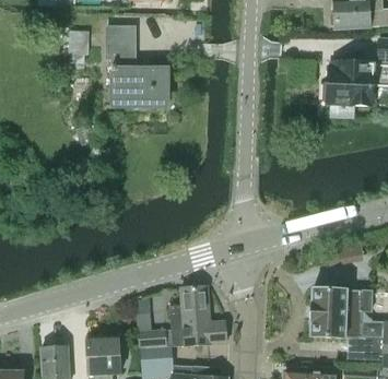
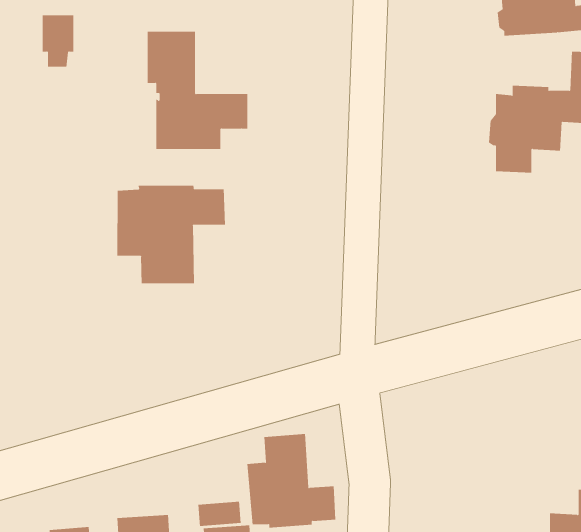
building: [68,31,89,64] -> [42,15,74,67]
building: none -> [117,185,226,284]
building: [310,287,373,339] -> none

